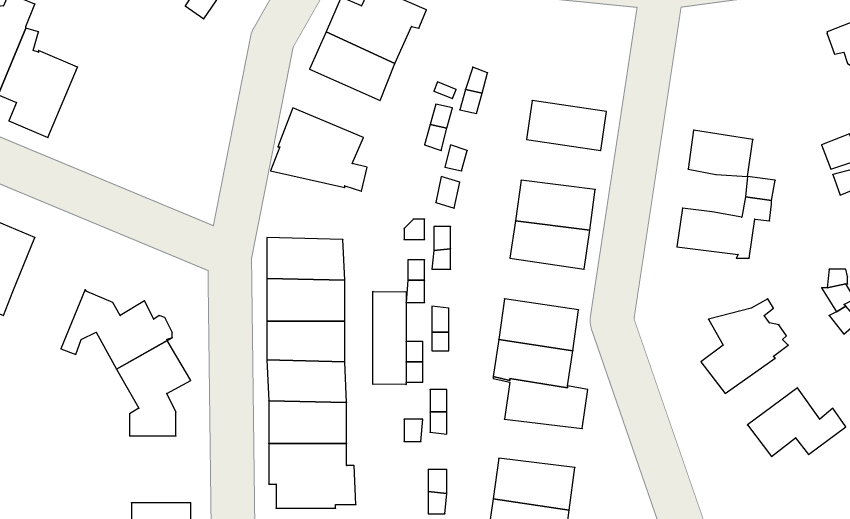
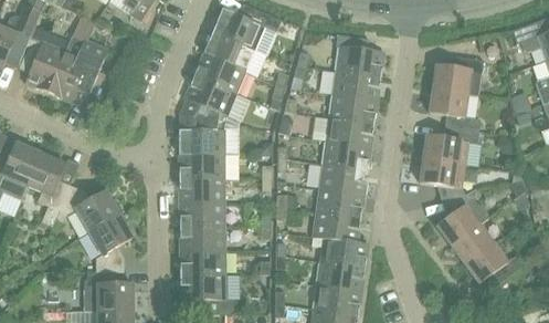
building: none -> [47,34,107,101]
building: none -> [336,45,383,76]
building: none -> [193,51,245,92]
building: none -> [432,54,484,94]
building: none -> [329,93,377,123]
building: none -> [178,112,224,153]
building: none -> [27,152,80,226]
building: none -> [420,157,476,200]
building: none -> [319,164,367,195]
building: [373,291,406,385] -> none
building: none -> [451,223,494,263]
building: none -> [316,260,366,289]
building: none -> [84,270,133,310]

